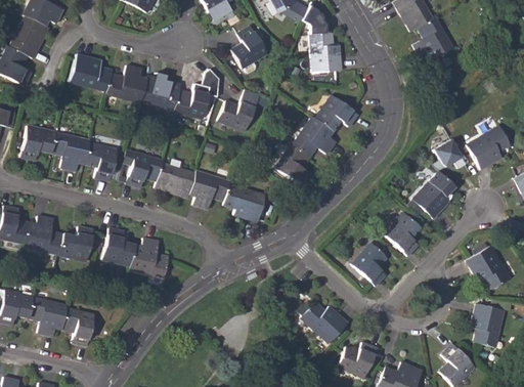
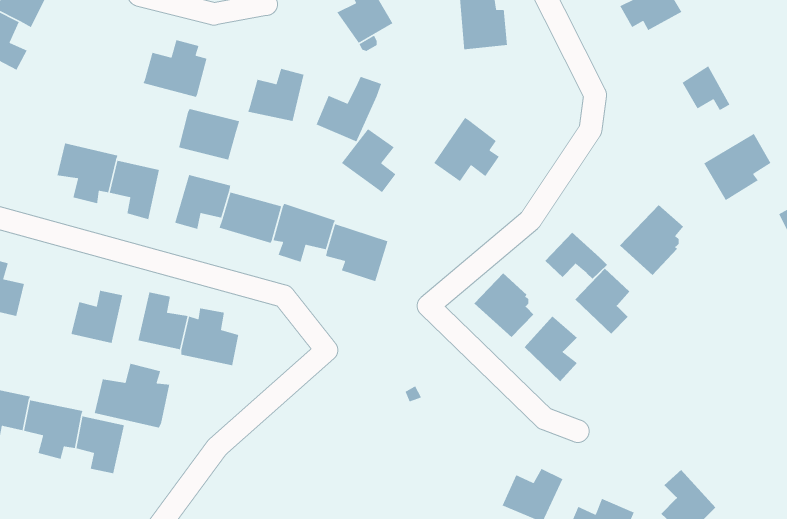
building: [70,53,113,91] -> none
building: [141,75,181,109] -> [178,108,240,161]
building: [316,94,358,130] -> none
building: [20,125,55,160] -> none
building: [434,138,466,168] -> [681,65,731,111]
building: [275,144,311,186] -> [341,128,396,193]
building: none -> [545,232,608,279]
building: none -> [473,272,534,338]
building: [25,216,64,254] -> none
building: [466,246,509,289] -> none
building: none -> [94,363,170,428]
building: [301,301,346,342] -> none
building: [472,303,504,346] -> none

